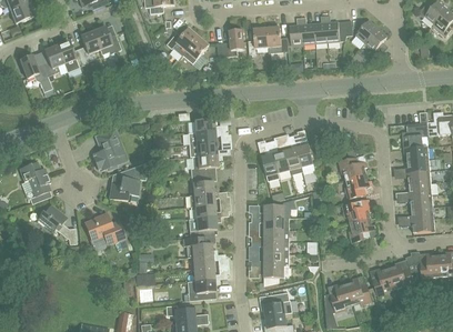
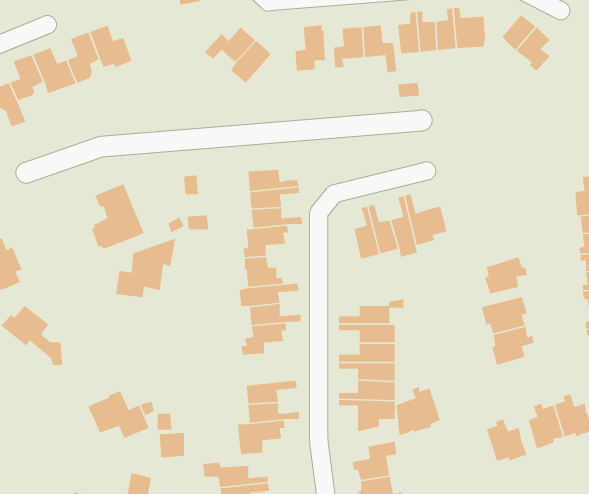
building: [338,155,368,180] -> none
building: [84,212,124,243] -> [87,390,150,439]
building: [181,235,214,256] -> none
building: [323,282,352,314] -> [395,386,441,436]

